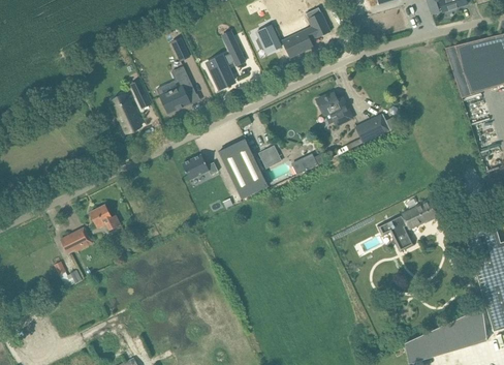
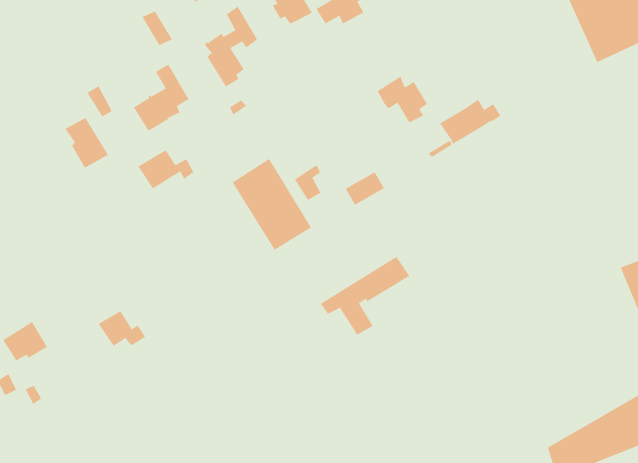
building: [182,154,218,179] -> [138,149,194,189]
building: [379,200,439,248] -> [320,256,410,335]
building: [90,205,120,229] -> [98,310,146,346]

